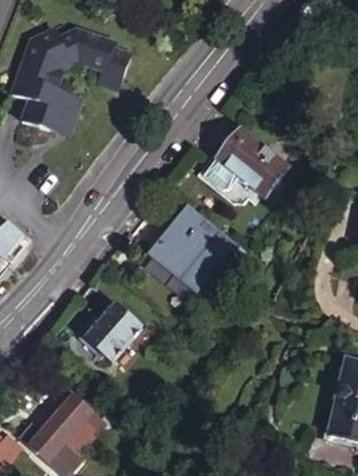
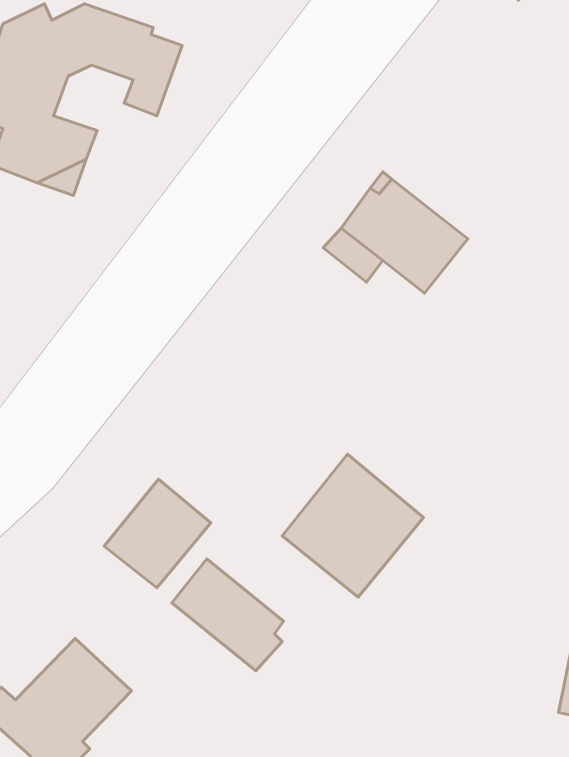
building: [154,207,234,288] -> [282,454,423,597]
building: none -> [172,559,284,671]

